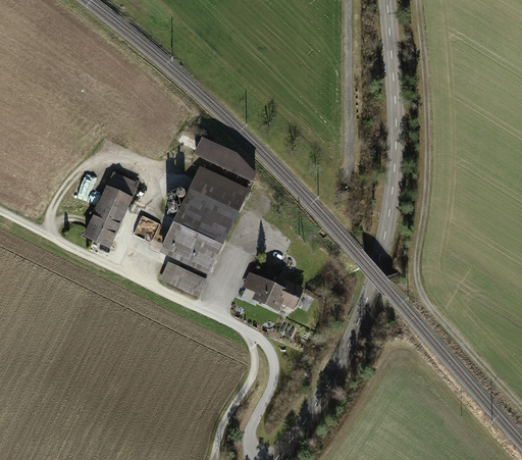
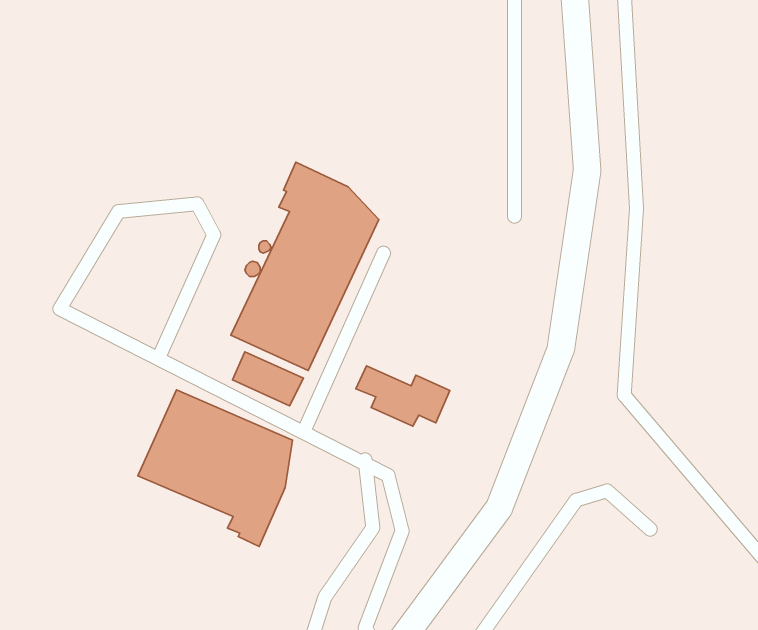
building: [83,171,140,248] -> none
building: none -> [138,390,292,546]

